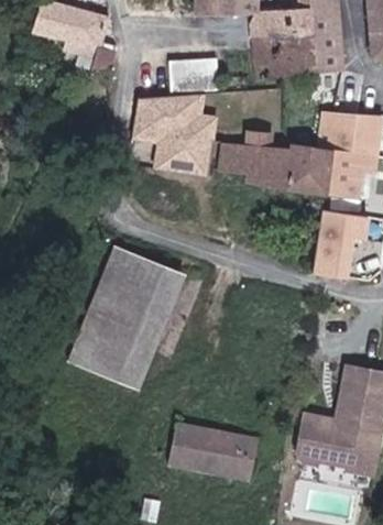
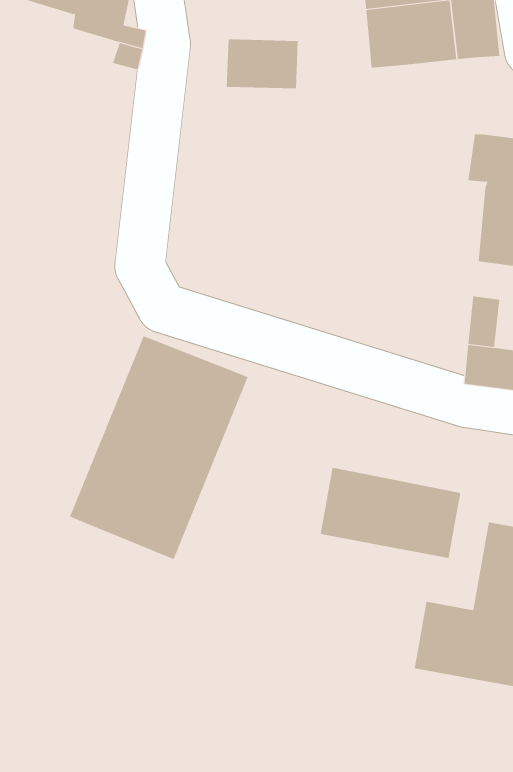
building: [132,89,215,171] -> none
building: [228,139,333,197] -> none
building: [168,420,259,479] -> [320,467,461,558]

